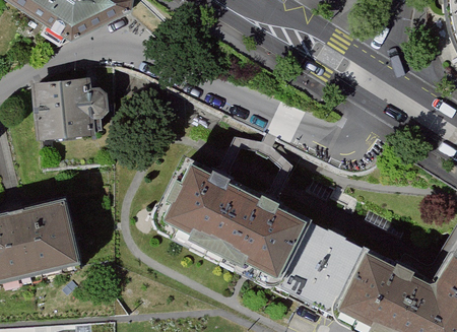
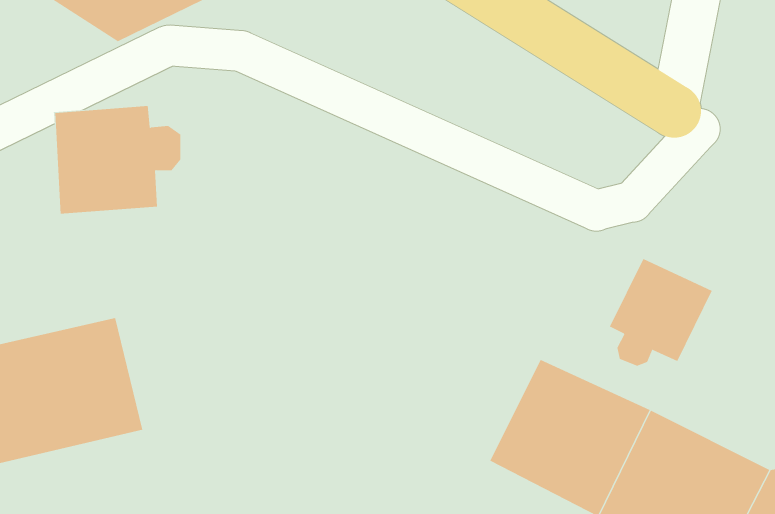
building: [157,160,305,276] -> none
building: none -> [609,258,713,366]

